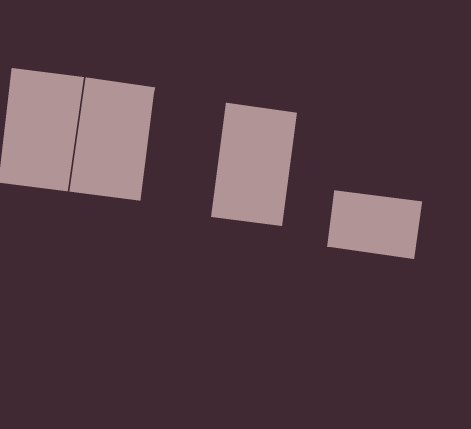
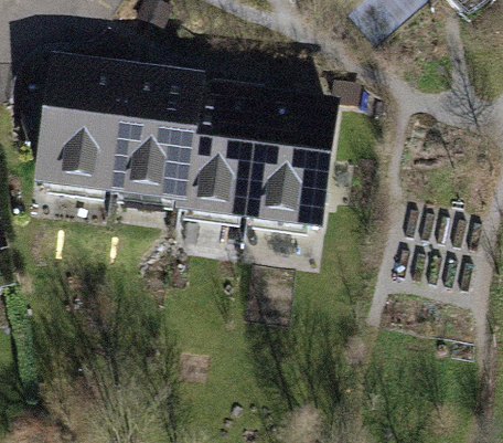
building: none -> [169,97,250,217]
building: [327,189,423,260] -> none

